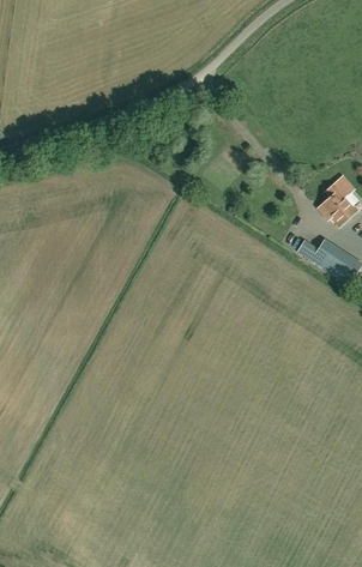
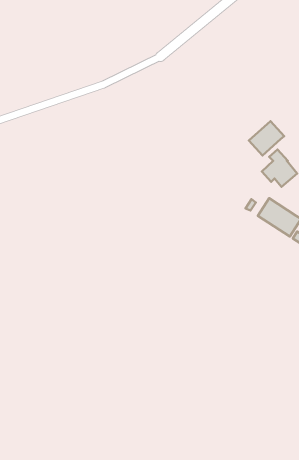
building: none -> [249,121,284,156]

